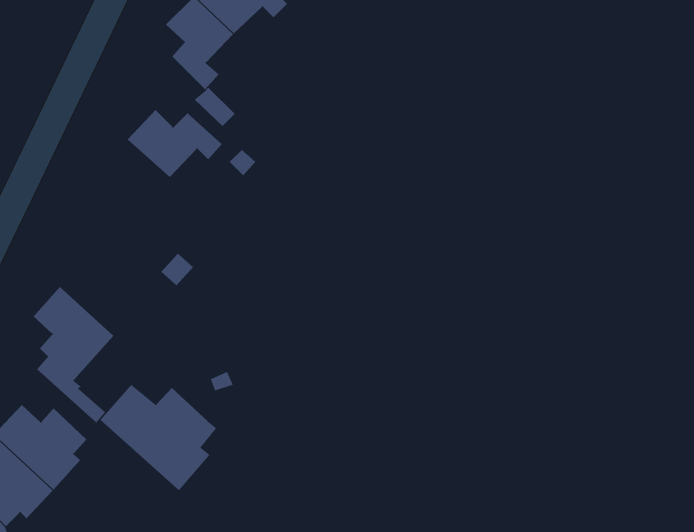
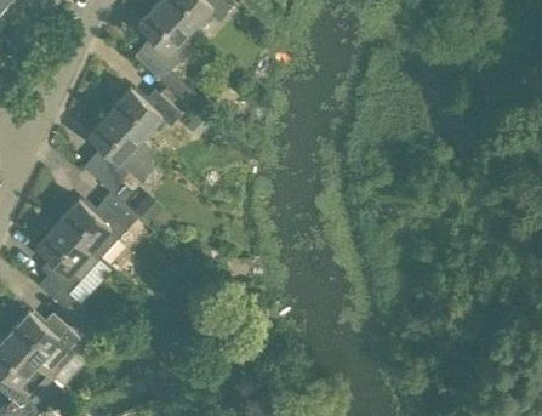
building: none -> [87,110,152,182]
building: none -> [58,195,136,260]
building: [100,384,217,491] -> none

